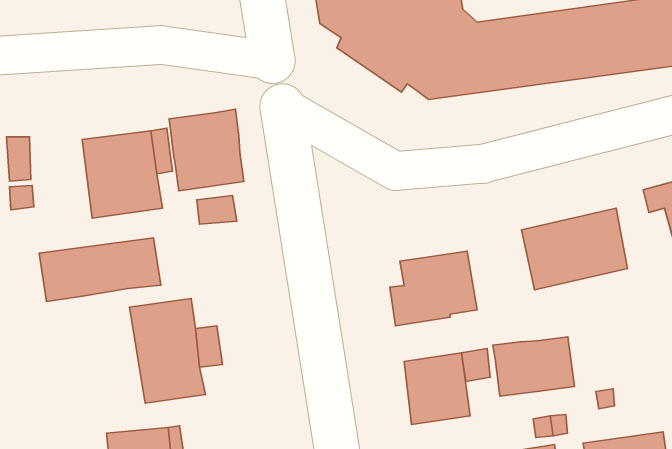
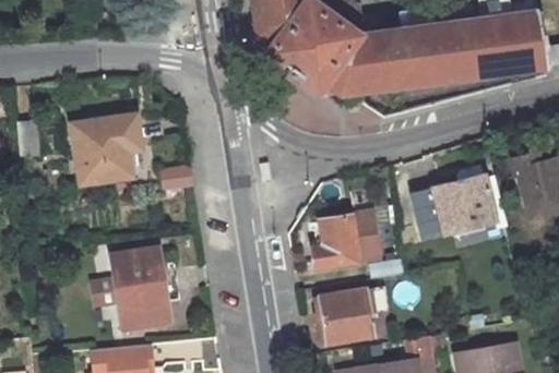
building: [169,109,244,191] -> none
building: [39,238,161,302] -> none
building: [493,337,575,396] -> none

